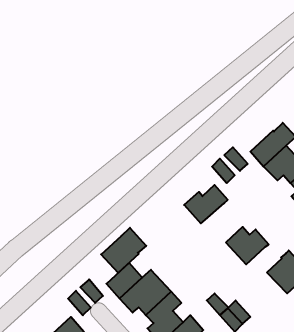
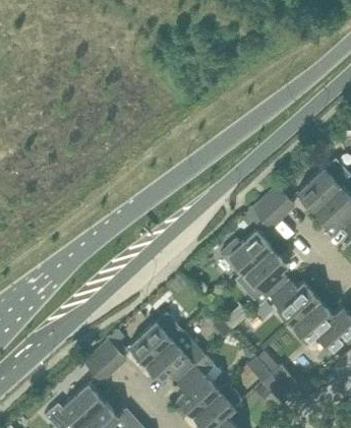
building: none -> [233,248,288,307]
building: [101,228,146,273] -> none
building: none -> [292,300,334,341]

